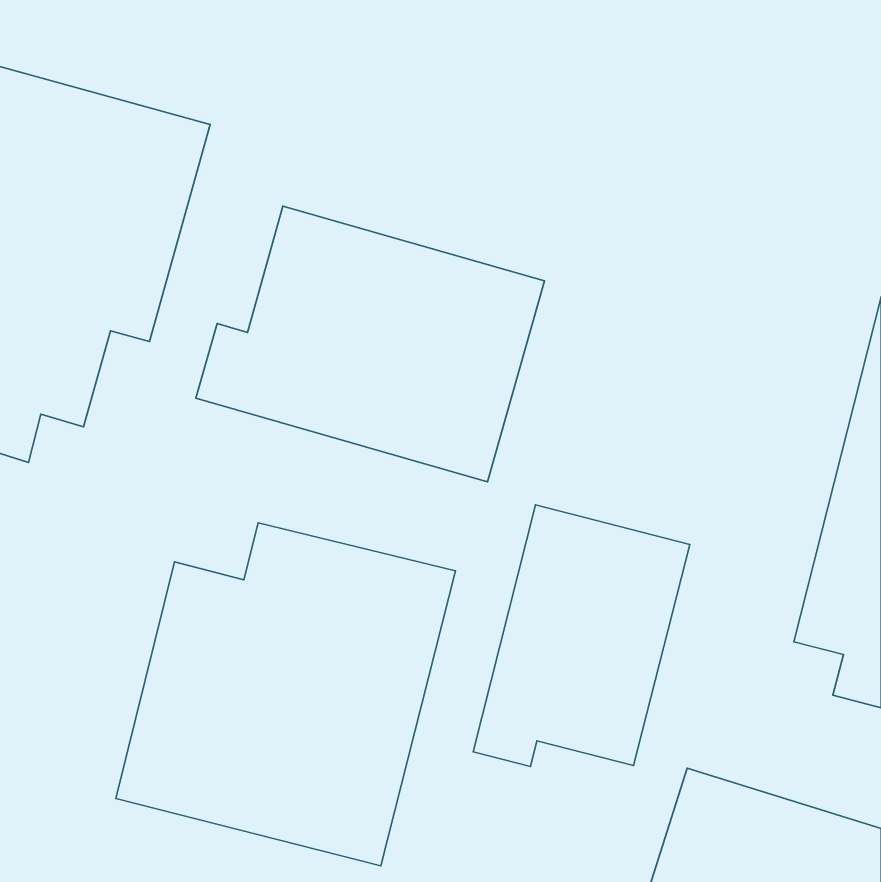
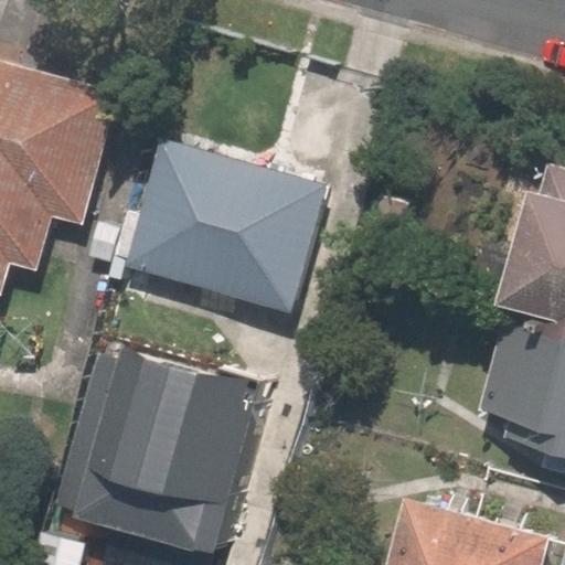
building: [473,505,690,766] -> none

